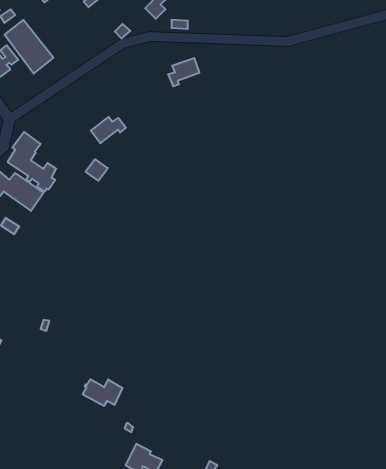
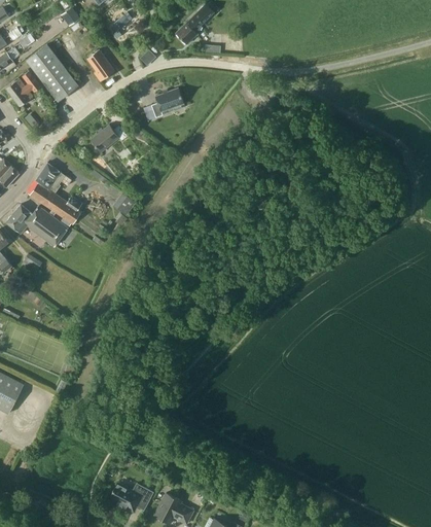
building: none -> [86,49,114,82]
building: [168,58,199,86] -> [150,89,183,118]
building: [91,117,126,143] -> [89,126,127,153]
building: [83,379,123,406] -> [110,484,152,512]

